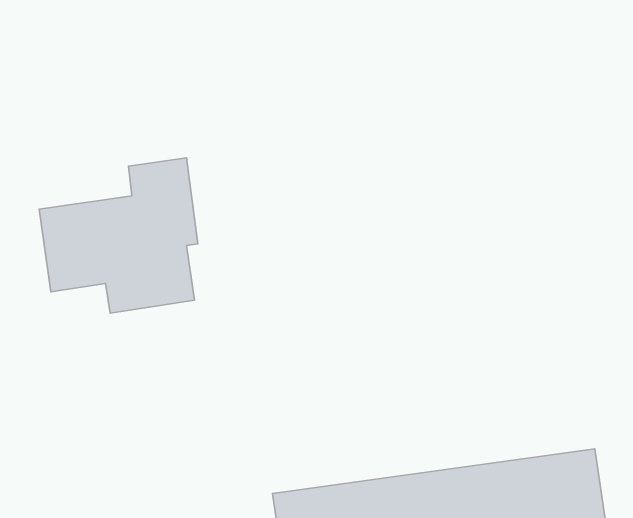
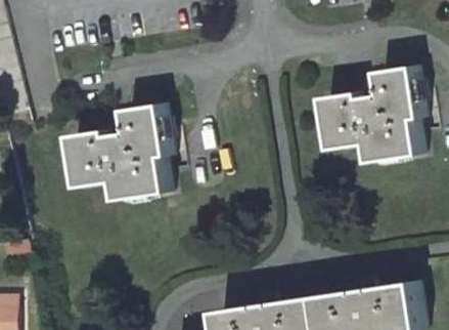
building: none -> [328,68,426,164]

